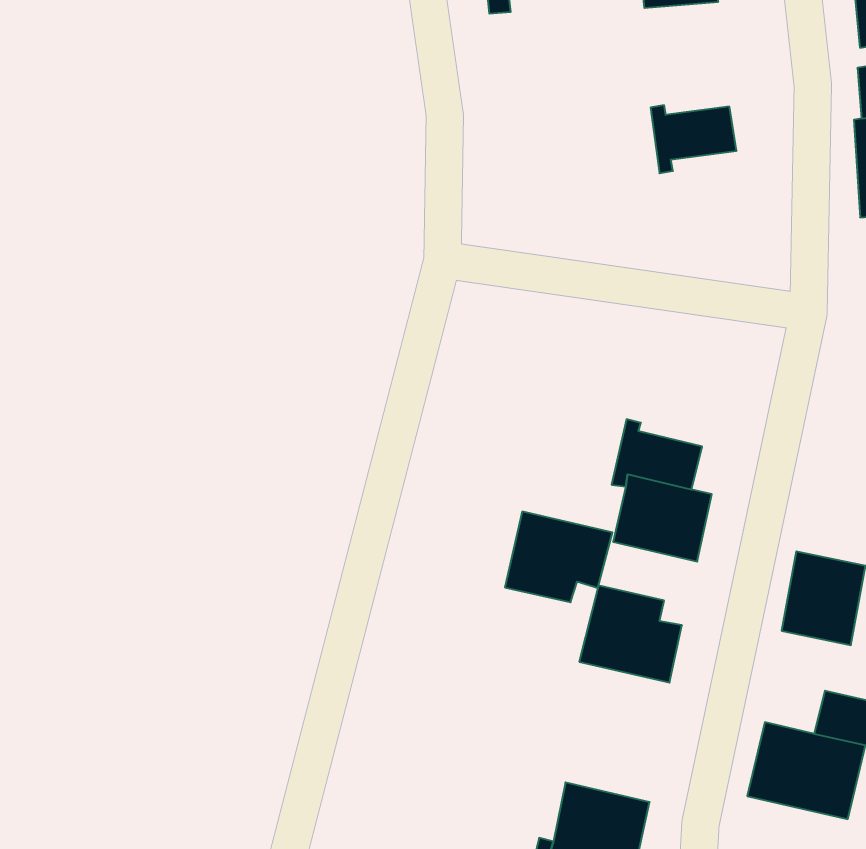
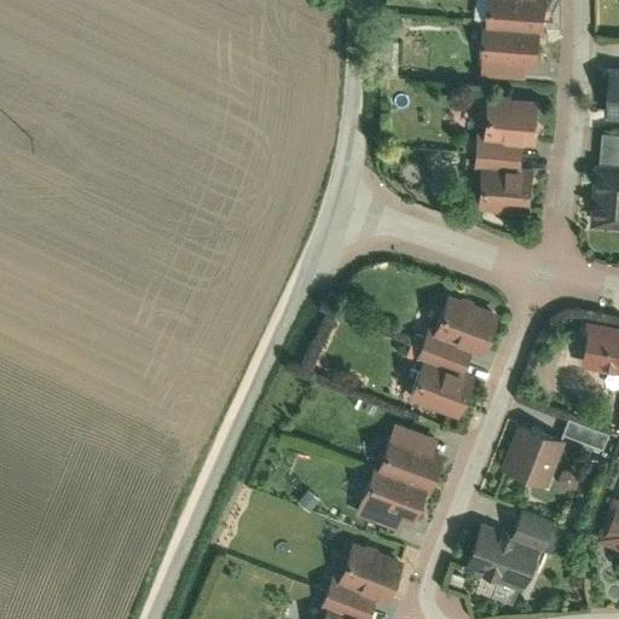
building: none -> [484,102,539,146]
building: none -> [480,172,536,216]
building: none -> [435,296,501,355]
building: [505,512,612,602] -> [358,470,429,531]

